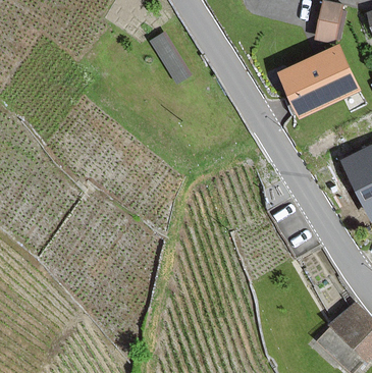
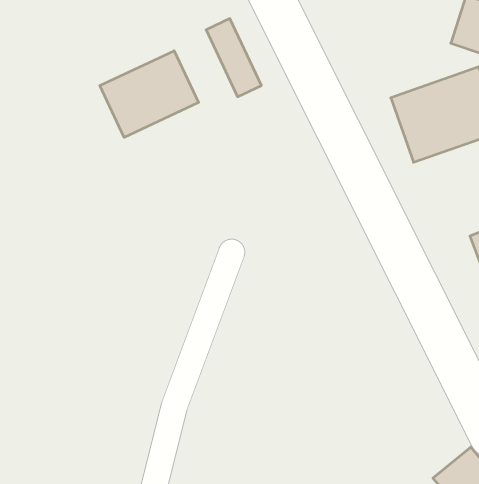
building: none -> [100,51,199,137]

